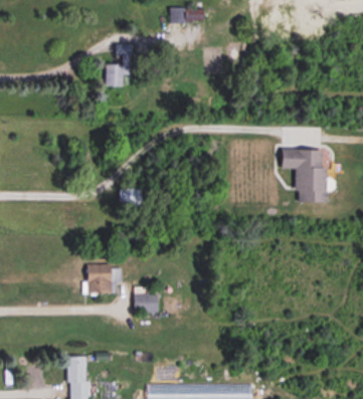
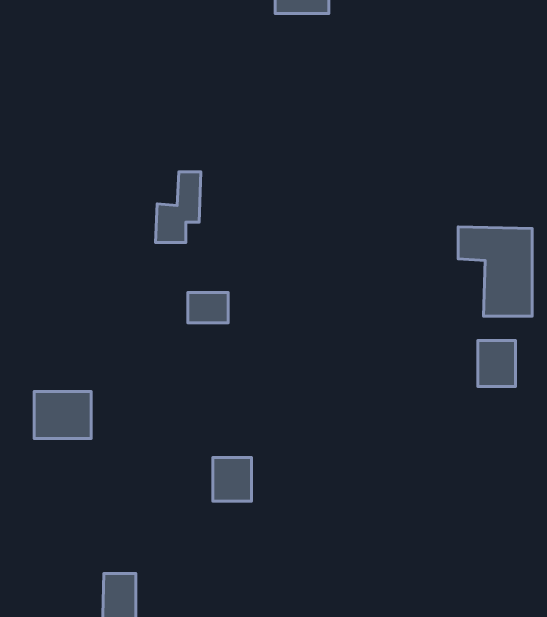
building: [106,43,133,85] -> [155,172,201,242]
building: none -> [478,340,515,387]
building: [86,264,121,292] -> [34,391,91,439]

